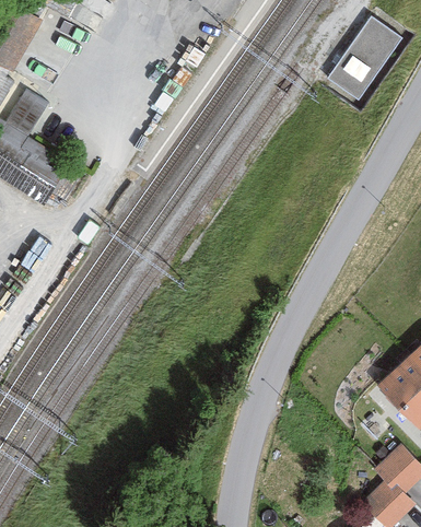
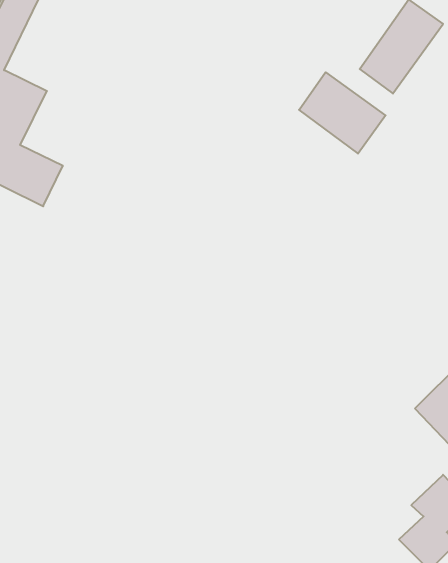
building: none -> [299,72,386,154]

